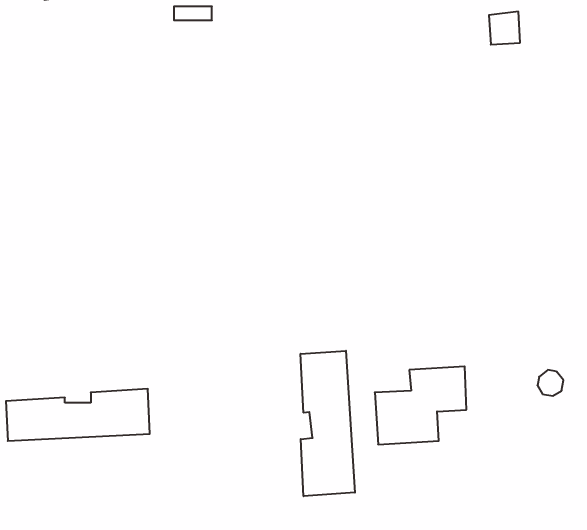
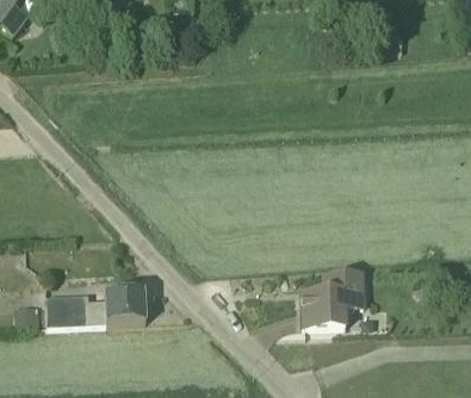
building: [301,351,355,496] -> none

